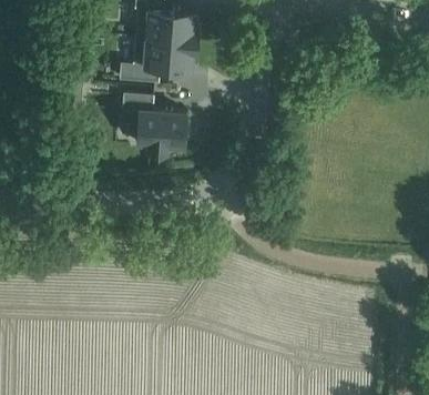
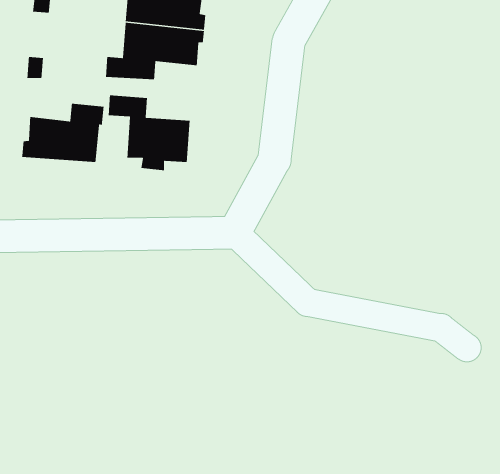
building: none -> [21,103,104,163]

